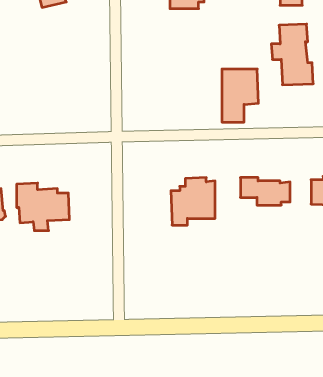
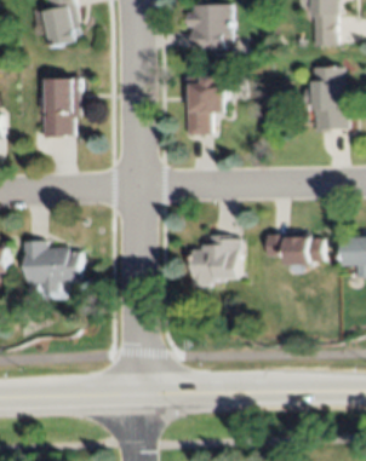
building: none -> [42,77,79,136]
building: [222,69,258,122] -> [187,77,227,136]

